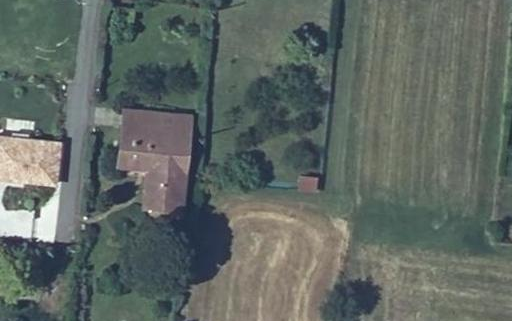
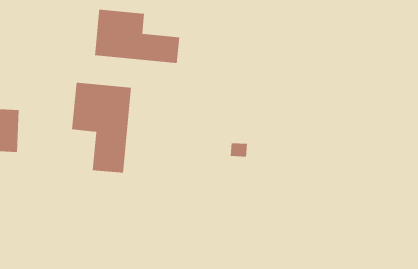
building: none -> [95,9,180,64]

